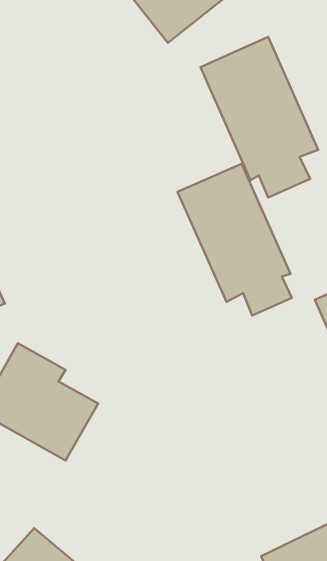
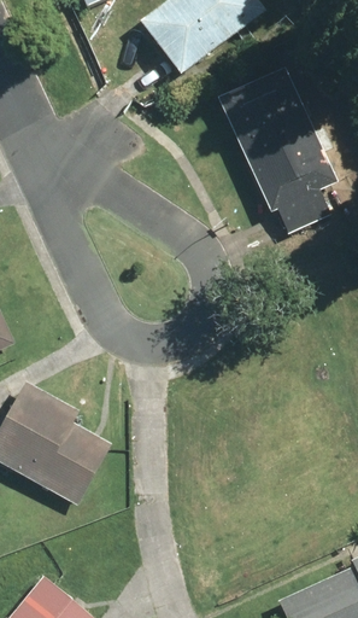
building: [178,164,292,315] -> none

